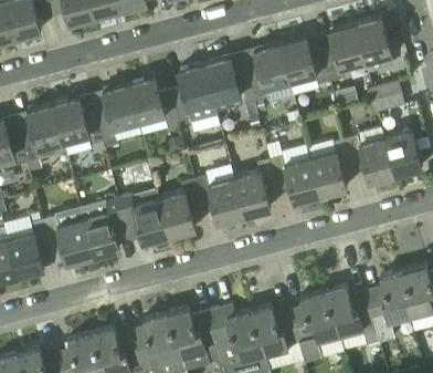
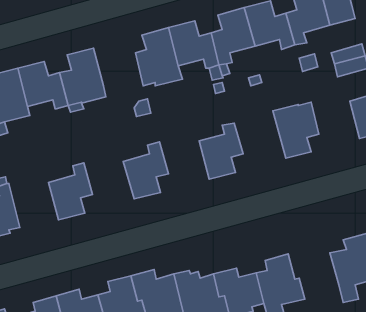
building: [127,77,177,126] -> none
building: [346,128,394,184] -> none
building: [268,146,320,204] -> none
building: [193,176,243,224] -> none
building: [117,197,168,245] -> none
building: [42,217,92,266] -> none
building: [323,287,378,344] -> none

